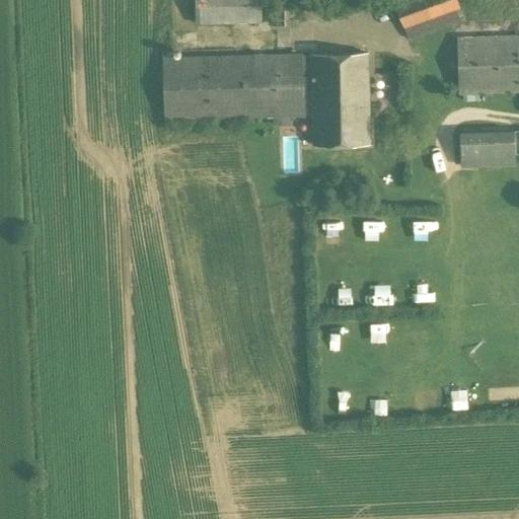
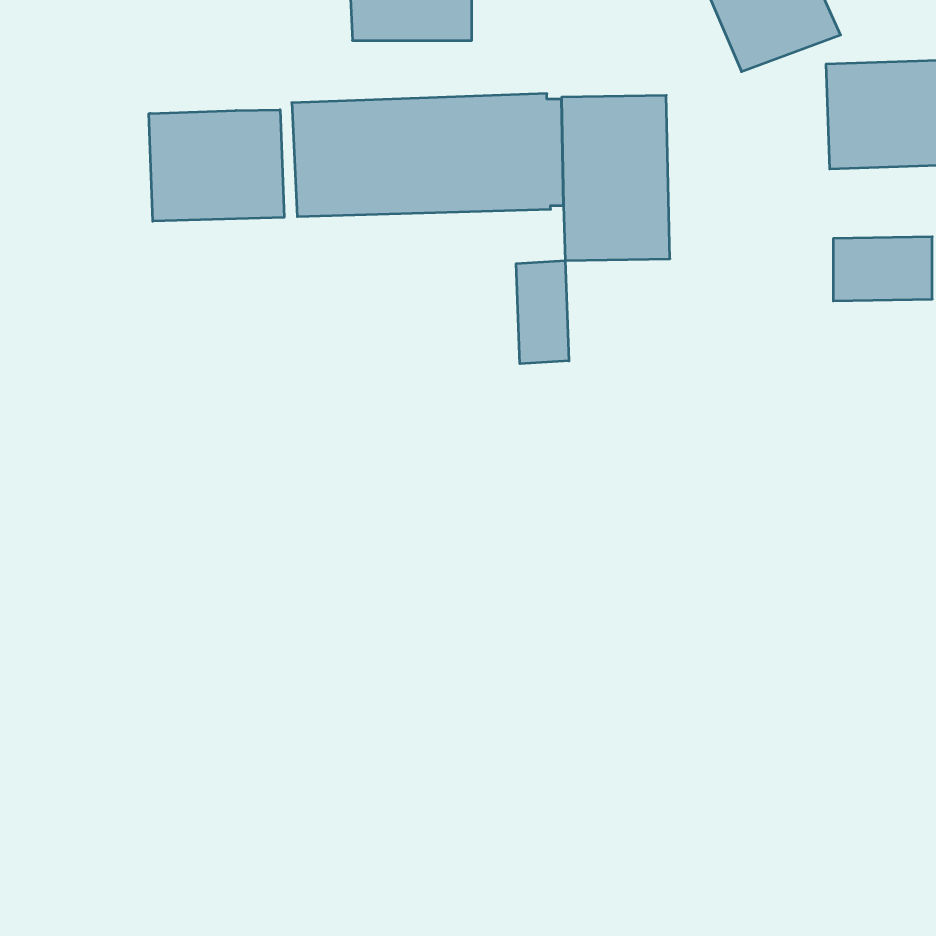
building: none -> [149,110,284,221]
building: none -> [516,261,569,364]

